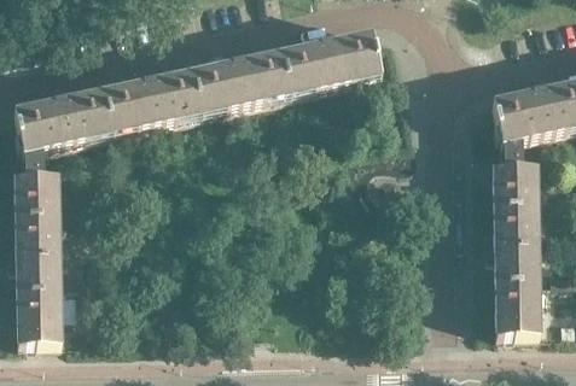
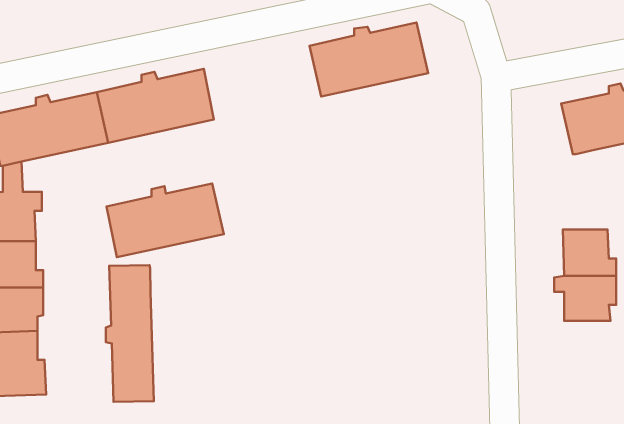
building: [194,49,292,111] -> [107,183,224,257]
building: [494,136,537,203] -> none
building: none -> [106,265,154,402]
building: [495,279,540,332] -> none

